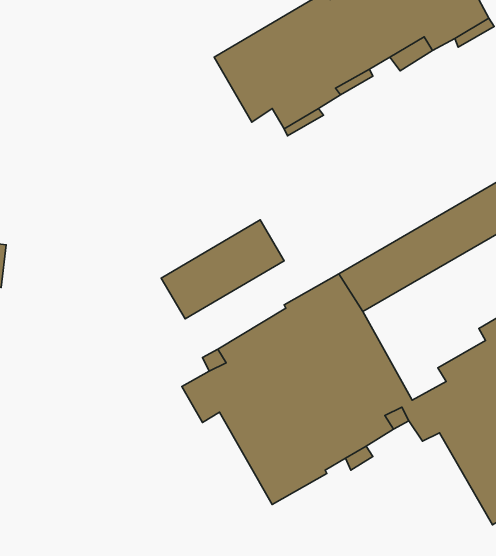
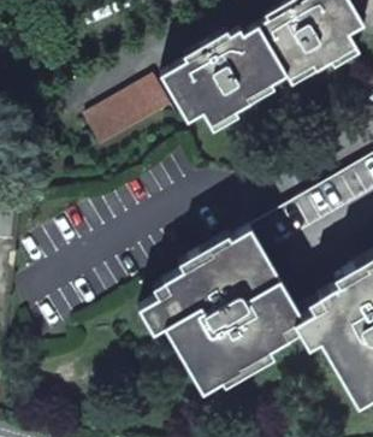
building: [161,220,284,319] -> [84,75,171,144]

